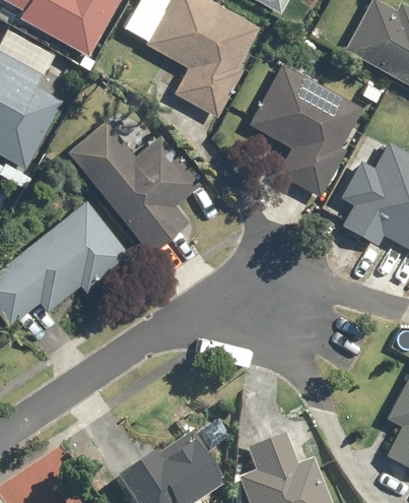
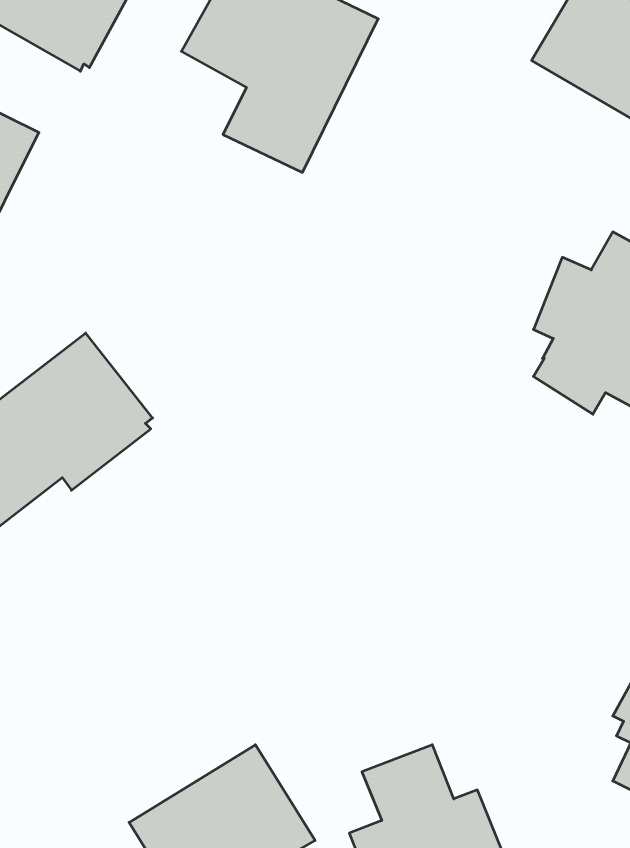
building: [251,65,359,195] -> none
building: [67,121,200,248] -> none

